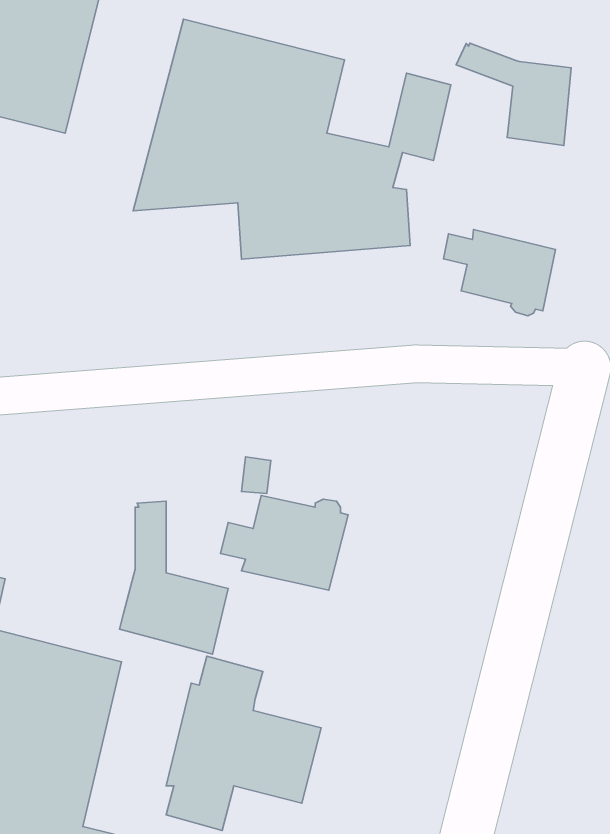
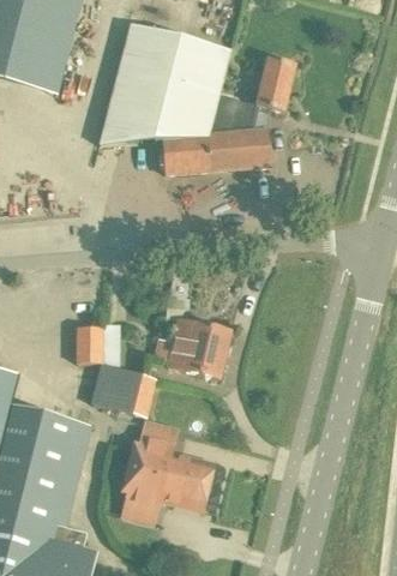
building: [456,43,571,146] -> none
building: [443,230,555,316] -> none
building: none -> [77,328,101,364]

